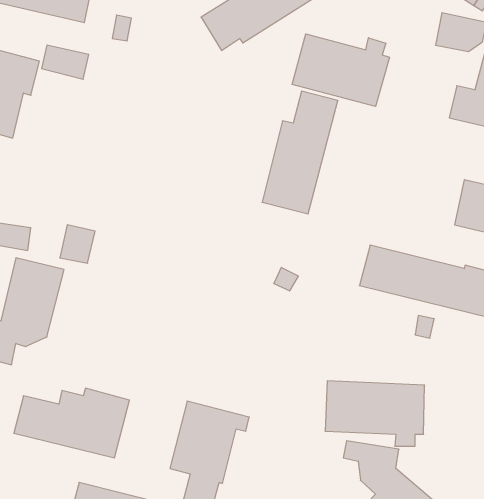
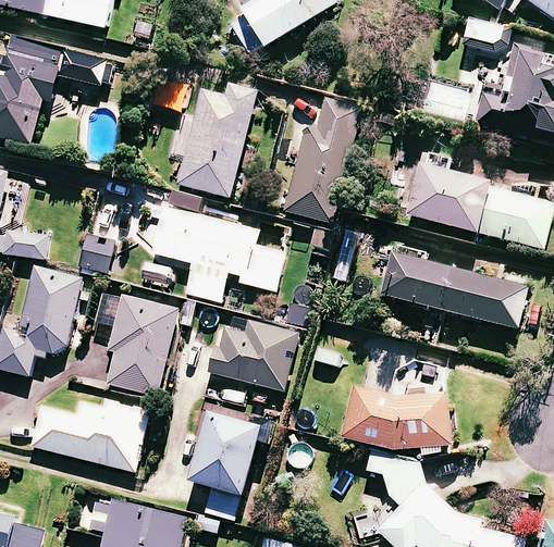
building: [292,34,389,106] -> none
building: none -> [176,85,256,197]
building: none -> [410,154,491,233]
building: none -> [152,206,285,300]
building: none -> [94,289,177,395]
building: none -> [209,320,297,389]

